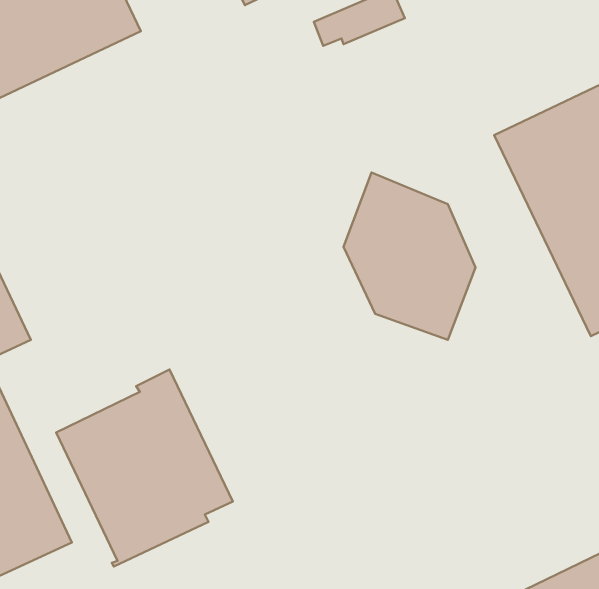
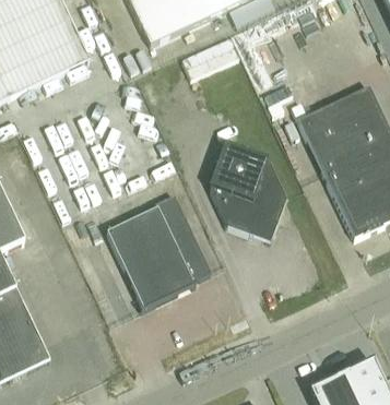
building: [56,369,233,567] -> [106,193,210,309]

